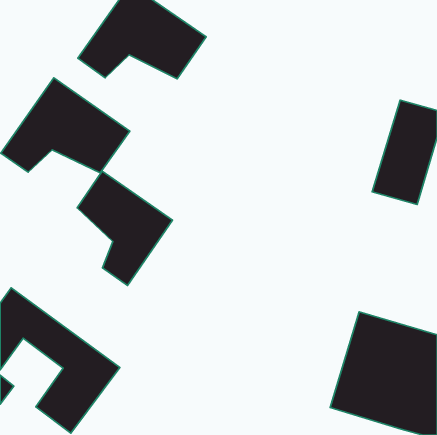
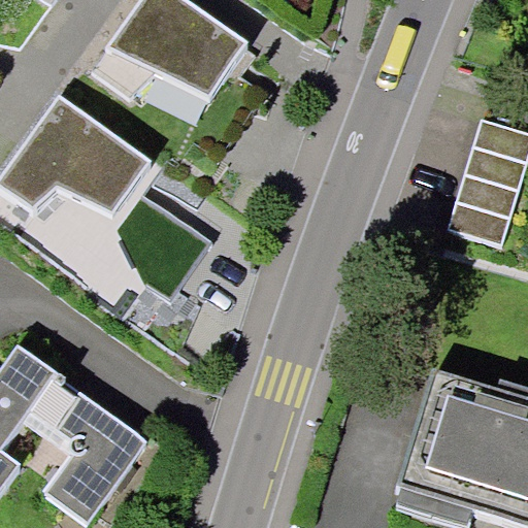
building: [77,171,173,286] -> none

